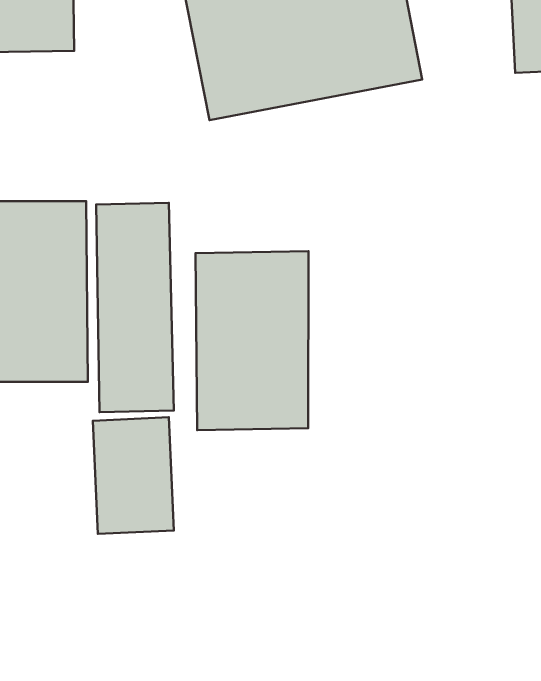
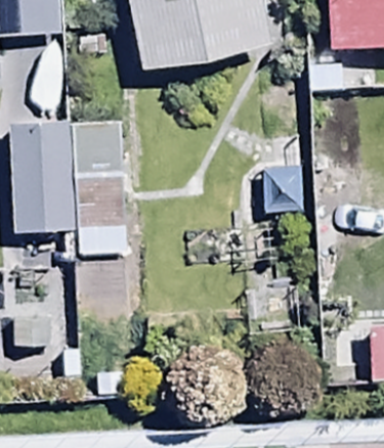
building: [196,251,309,430] -> none

